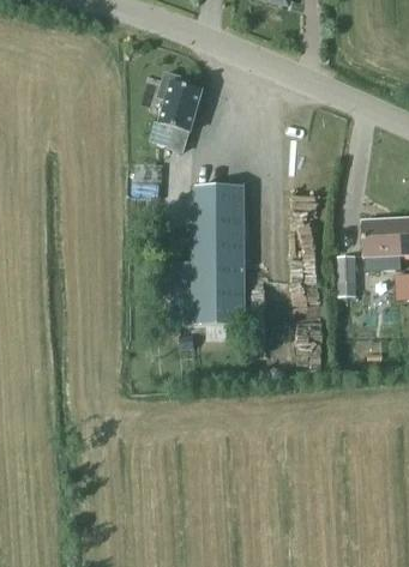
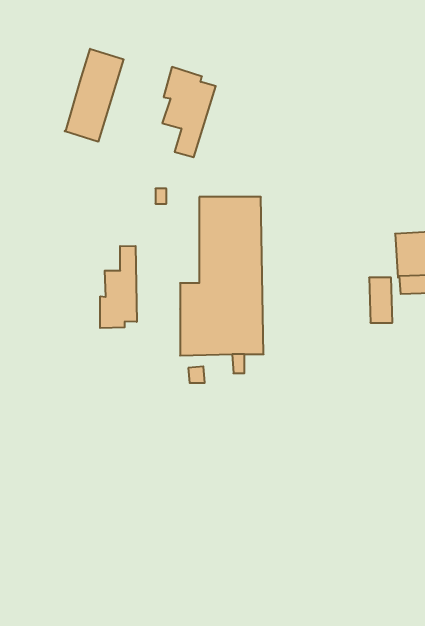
building: none -> [65,49,124,142]
building: none -> [100,246,137,328]

